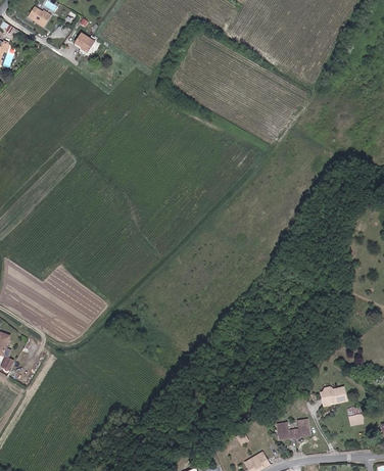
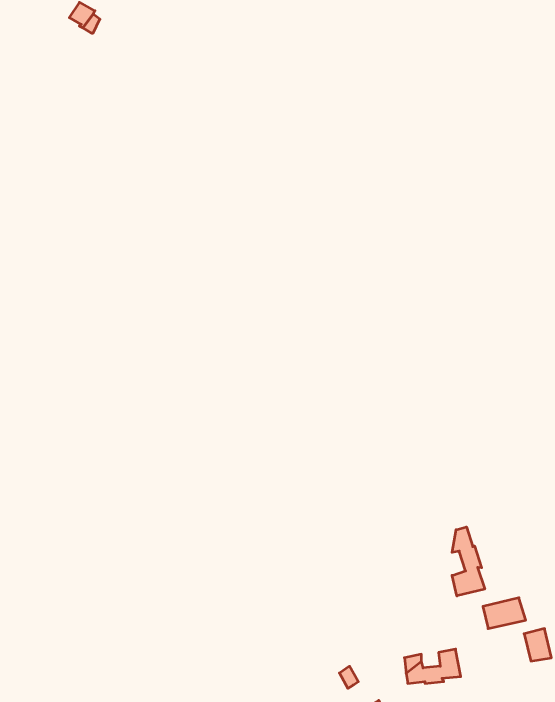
building: none -> [452,527,485,596]

